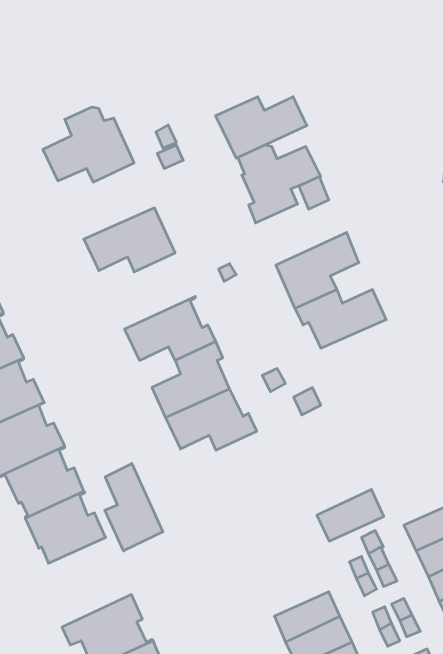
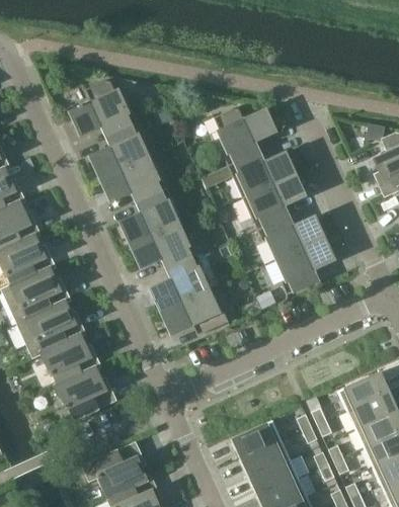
building: [216,97,307,158] -> [228,153,296,198]
building: none -> [90,122,153,179]
building: none -> [121,189,183,246]
building: none -> [276,239,334,295]
building: [105,463,163,551] -> none
building: [317,489,384,541] -> [233,421,283,459]

